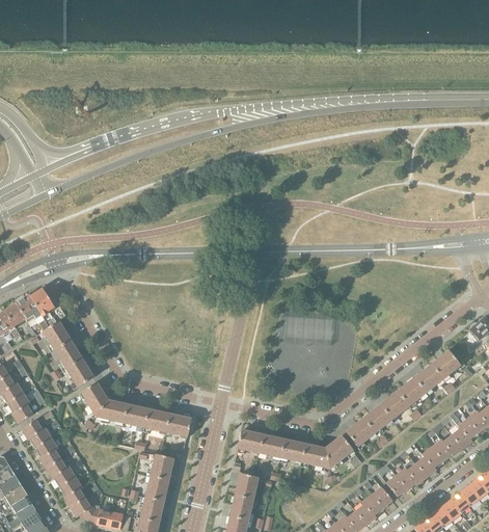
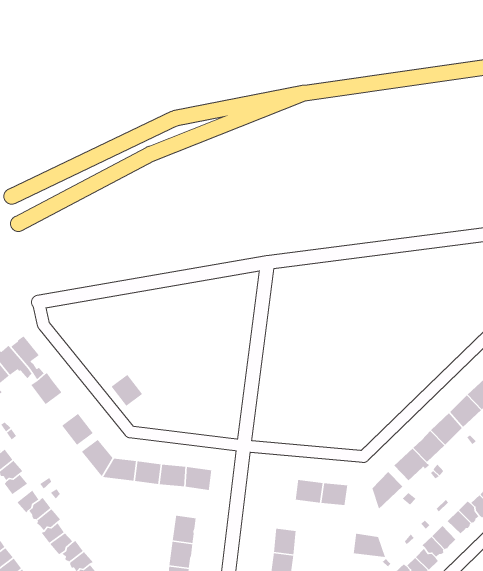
building: [55,340,82,368] -> [111,374,143,407]
building: [238,430,263,452] -> none
building: [301,444,329,468] -> [353,533,386,558]

